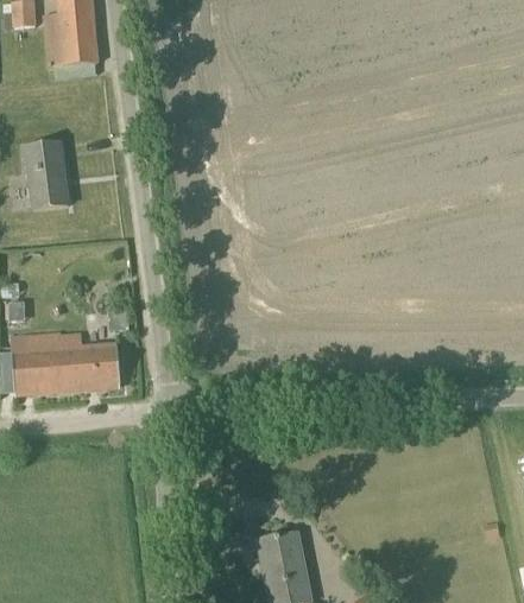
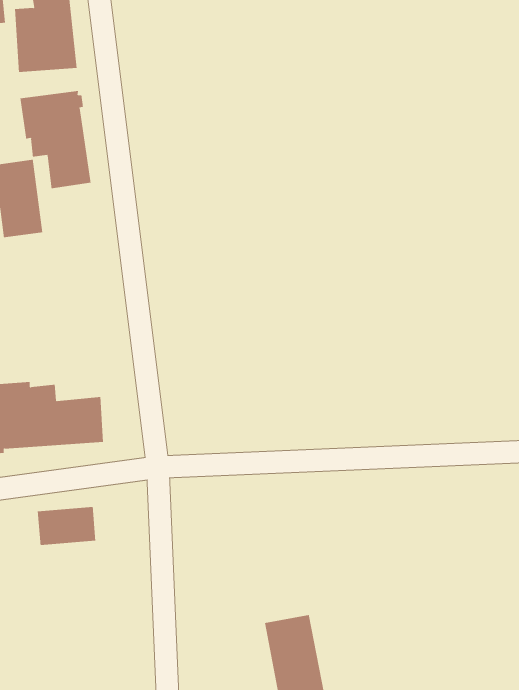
building: none -> [20,90,91,189]
building: none -> [37,506,96,546]

